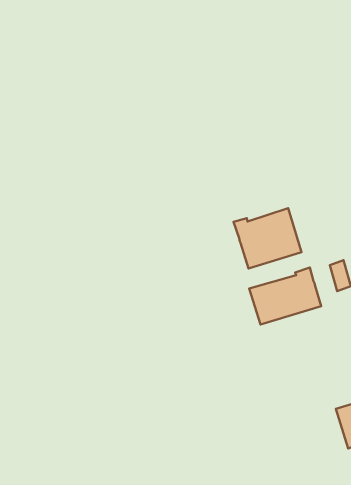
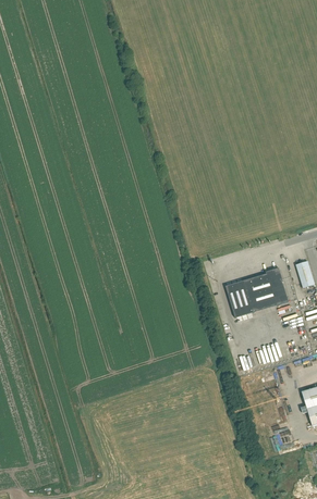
building: [234,208,302,269] -> none

